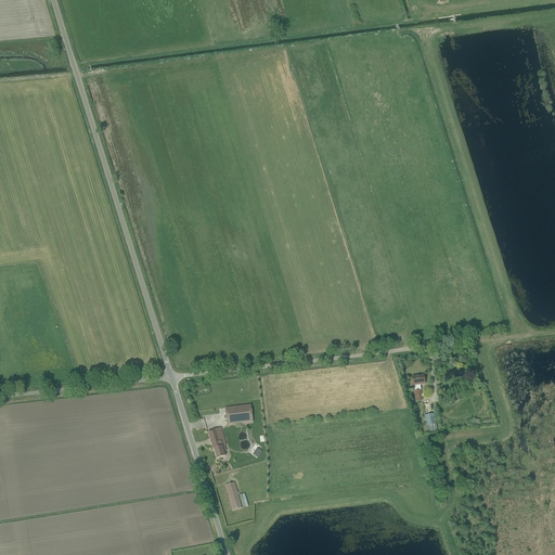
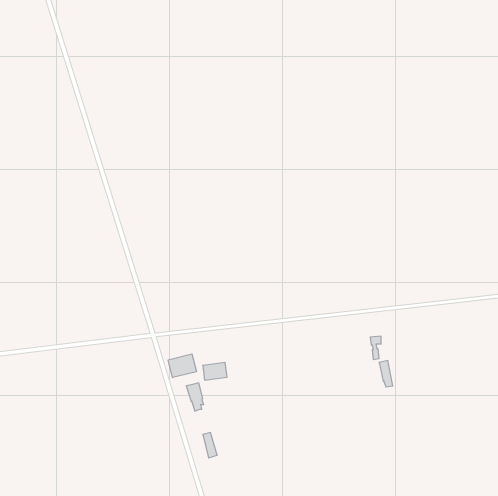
building: none -> [168,354,196,378]

